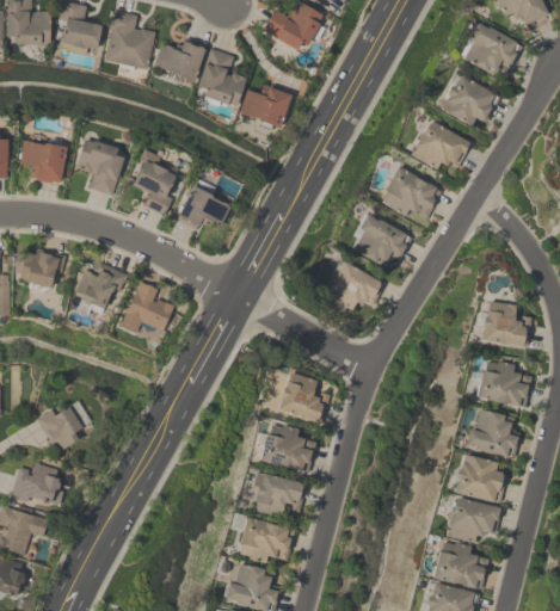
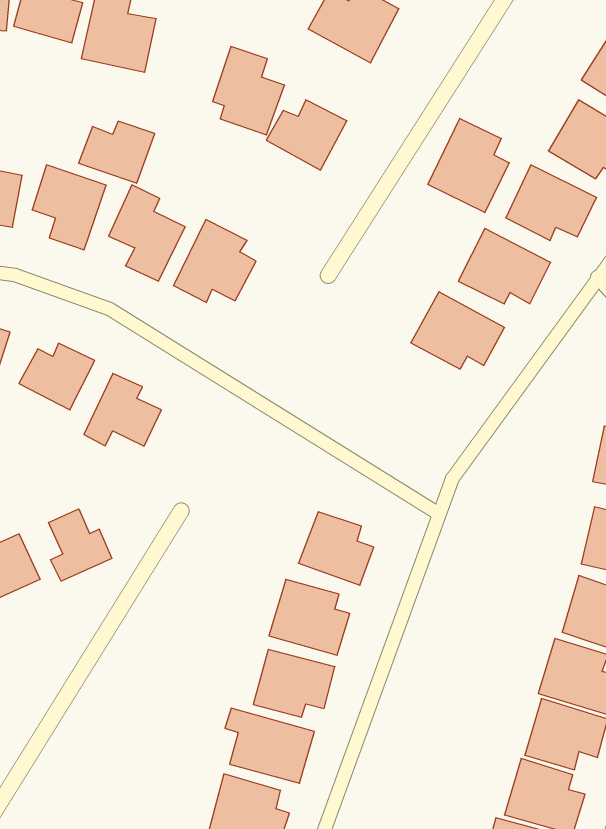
building: [154,39,207,82] -> [79,121,155,183]
building: none -> [428,118,509,213]
building: [325,261,386,313] -> none
building: none -> [49,509,112,581]

